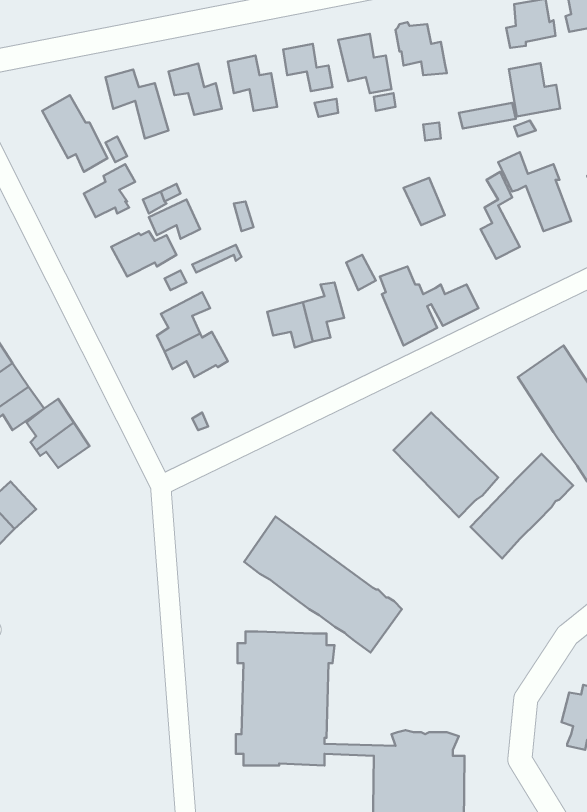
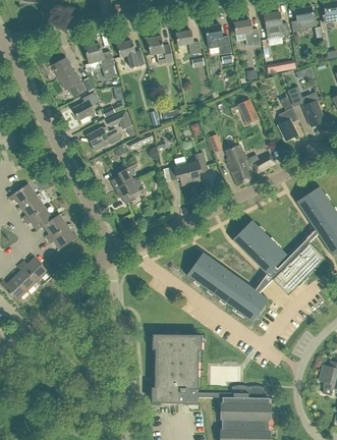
building: [509,63,560,116] -> [263,11,289,39]
building: [244,517,402,653] -> [186,252,268,322]

